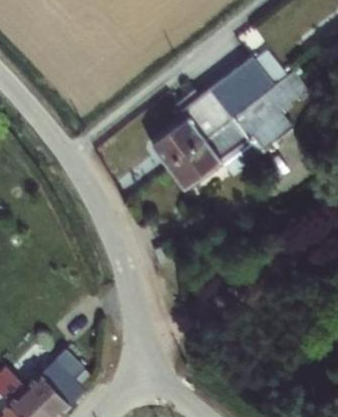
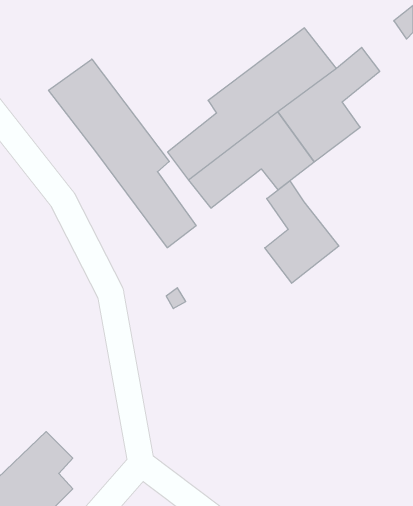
building: none -> [49,59,196,248]
building: none -> [265,181,339,283]

